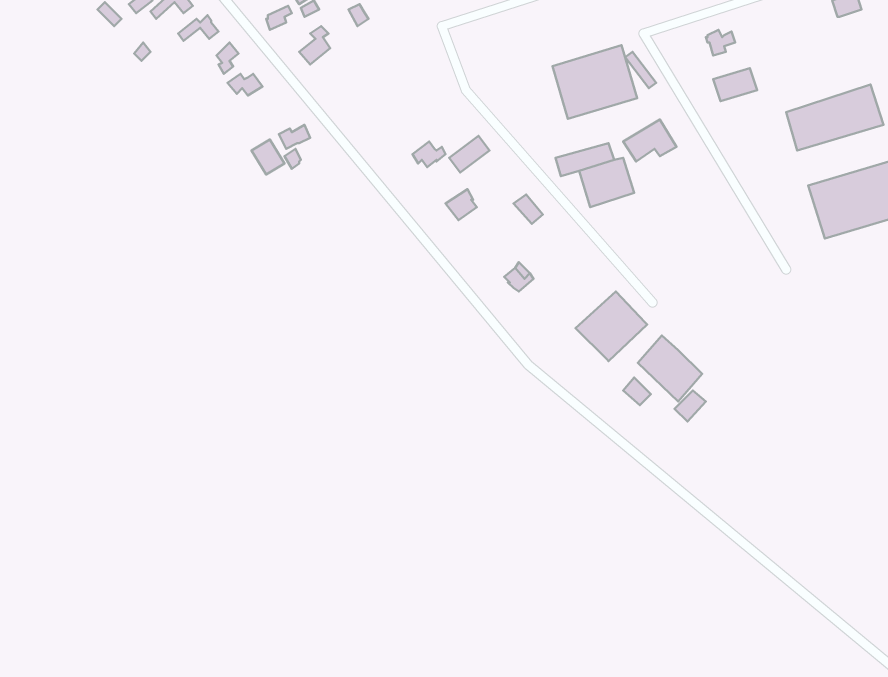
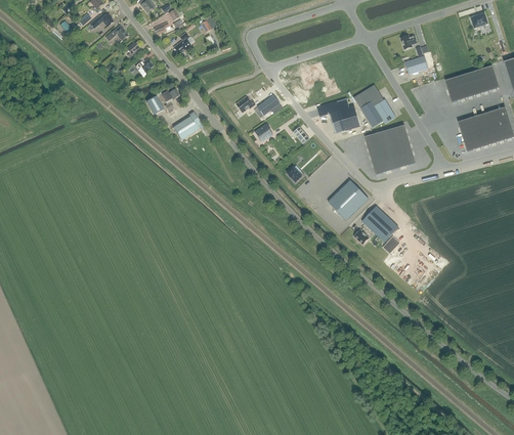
building: [553,45,637,119] -> none
building: none -> [361,98,396,126]
building: none -> [173,111,202,139]
building: none -> [365,124,416,174]

